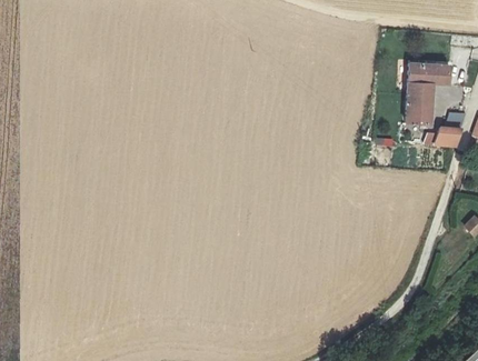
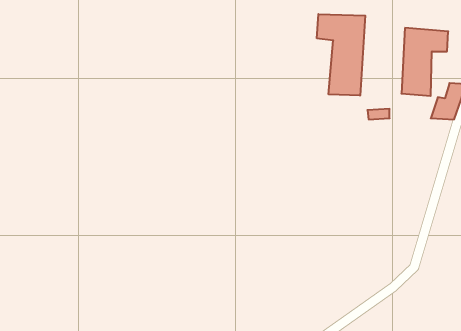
building: none -> [317,14,365,96]

